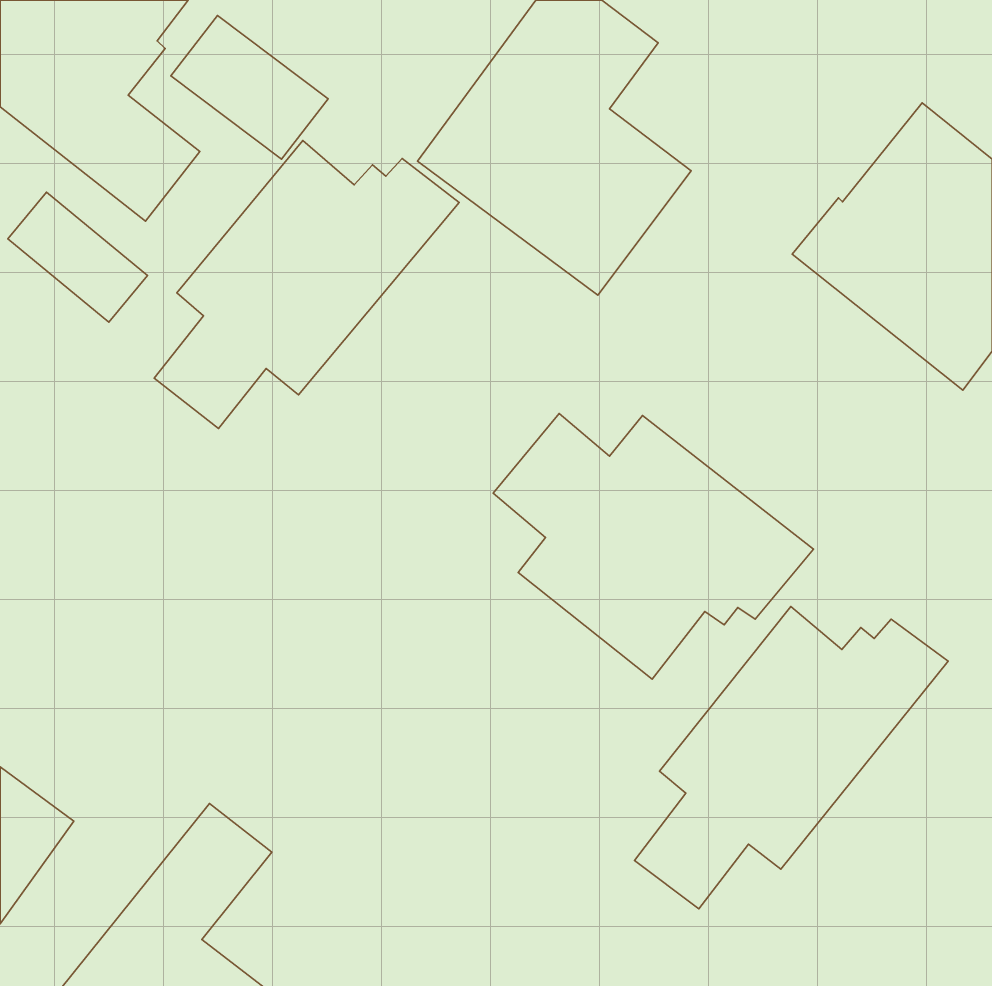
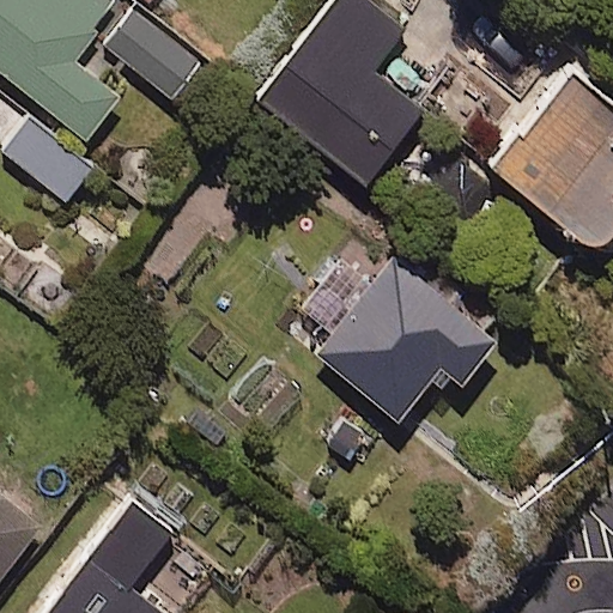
building: [154,141,459,428] -> none
building: [635,607,948,909] -> none

